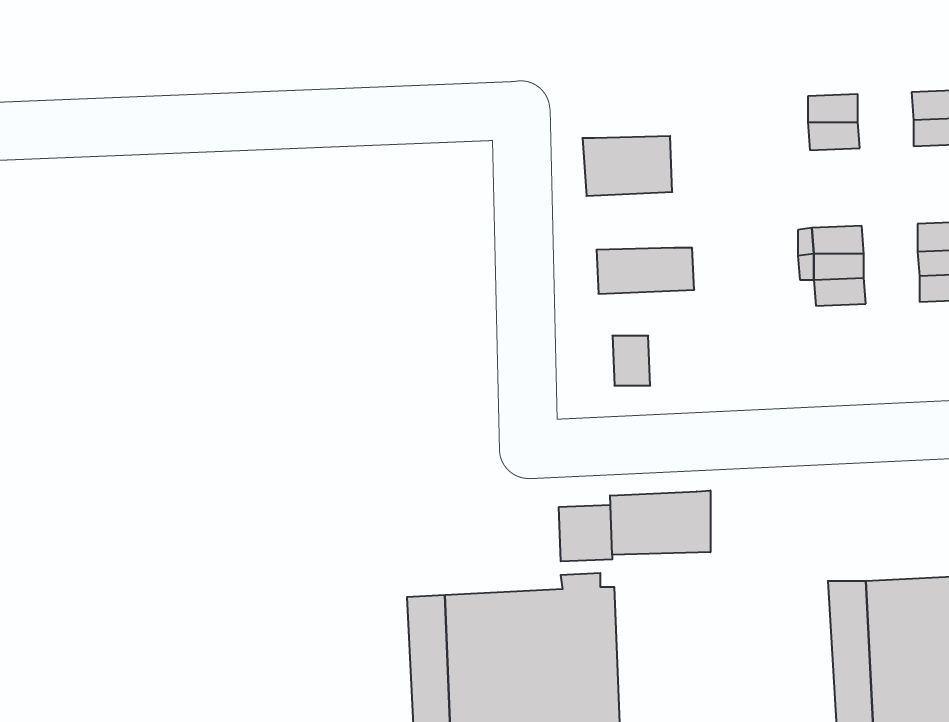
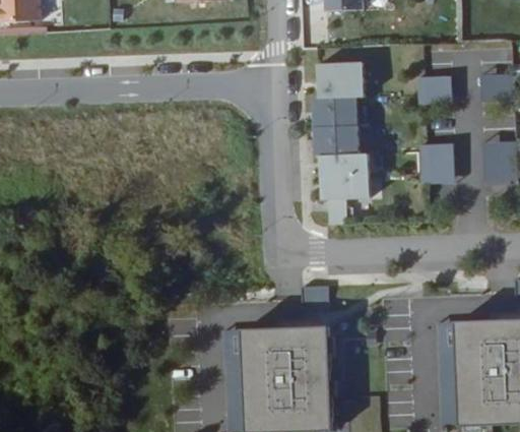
building: none -> [316,61,363,97]
building: none -> [313,124,358,153]
building: none -> [319,174,369,197]
building: [610,490,710,555] -> none

